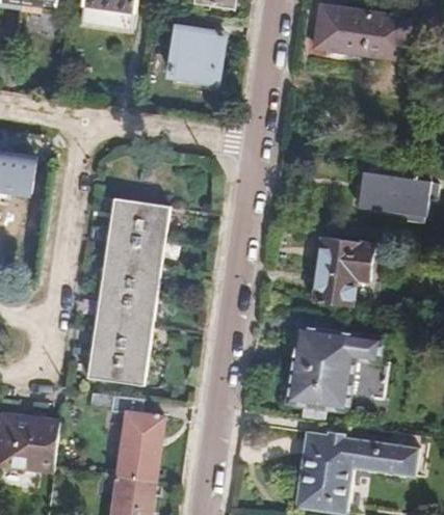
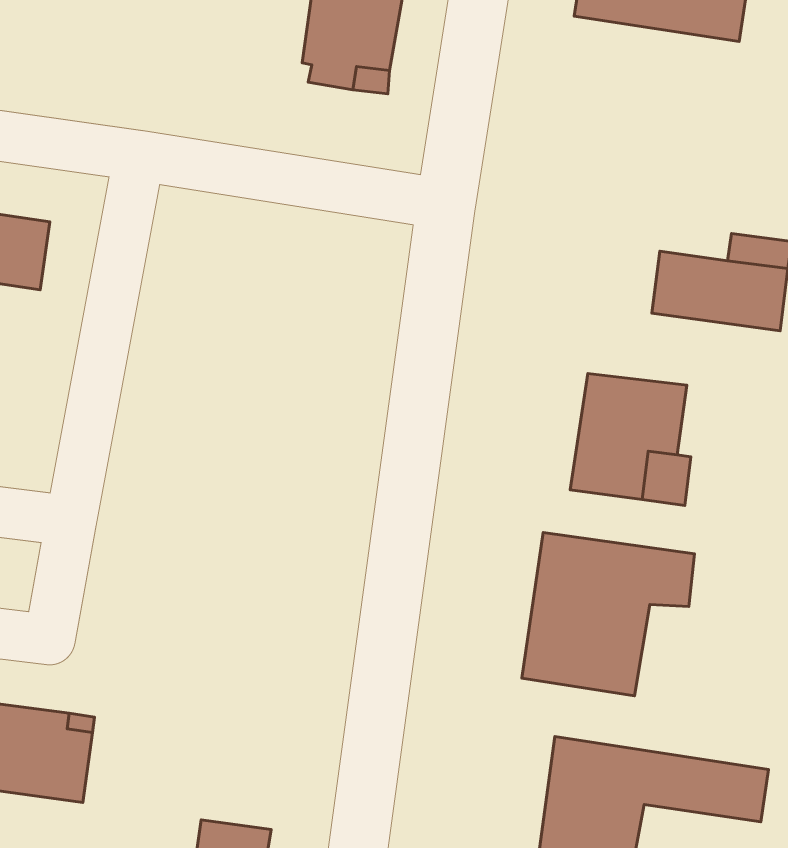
building: [87,197,167,384] -> none
building: [107,396,161,482] -> none

